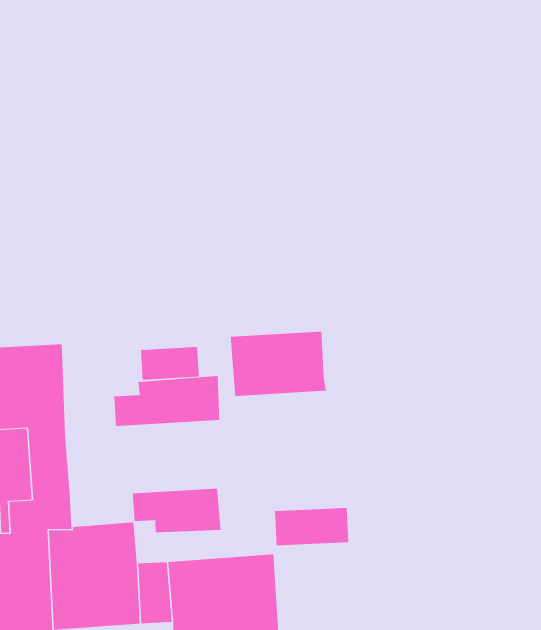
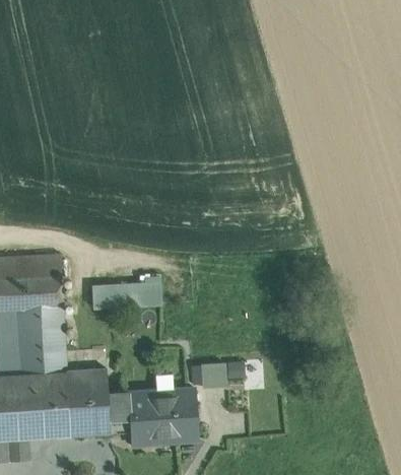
building: [230,331,326,397] -> none
building: [140,346,199,381] -> none
building: [132,488,221,533] -> none

